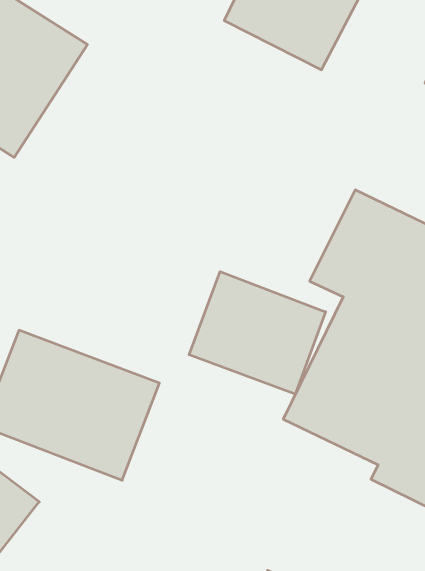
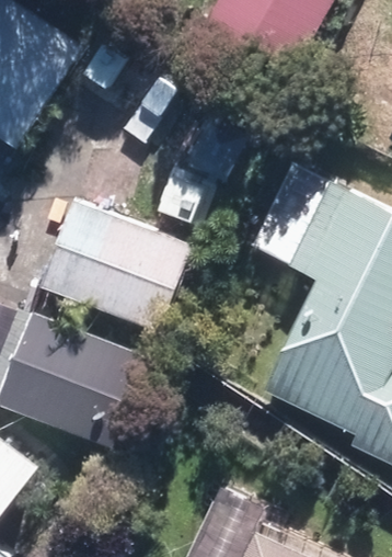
building: none -> [35,197,189,332]
building: [189,272,326,394] -> none

